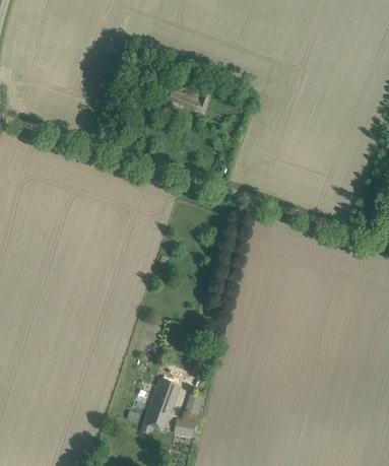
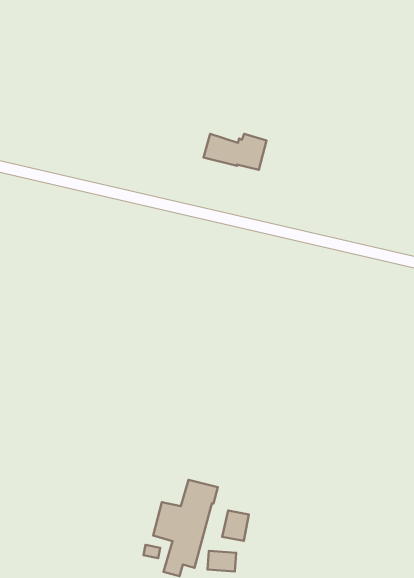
building: [164,85,209,114] -> [203,134,266,170]

